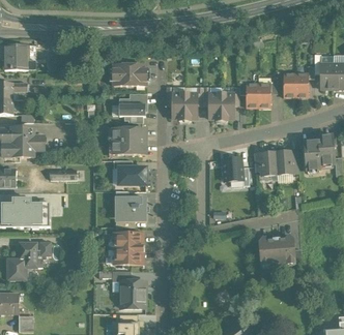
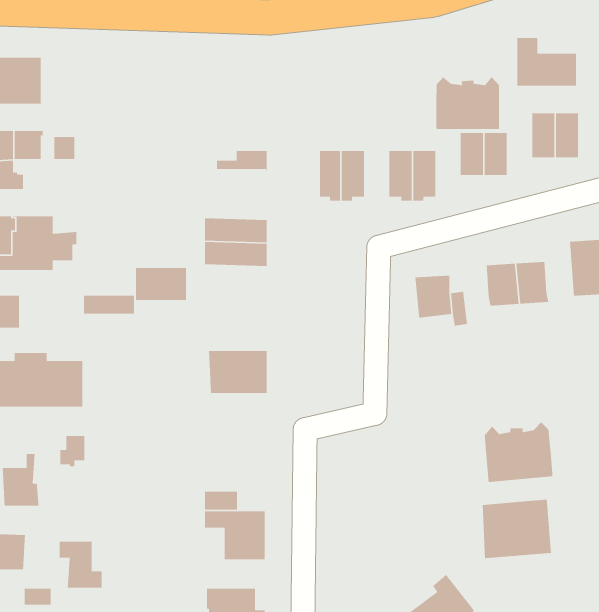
building: none -> [516,37,577,86]
building: none -> [436,76,500,130]
building: [112,65,145,86] -> none
building: [118,103,144,122] -> none
building: [118,166,145,184] -> [135,267,187,301]
building: [113,233,143,265] -> none
building: [19,242,41,267] -> [59,541,102,588]
building: none -> [482,499,552,559]

